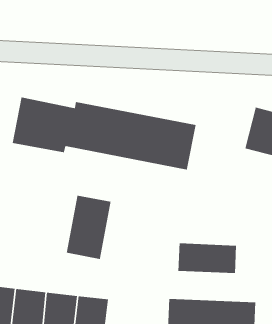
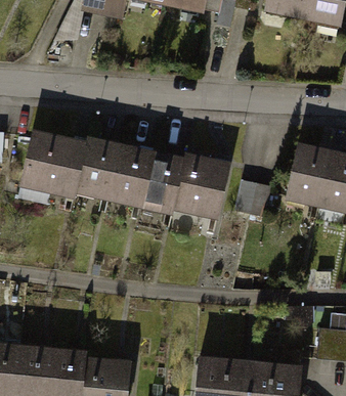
building: none -> [233,179,268,215]
building: [66,195,111,260] -> none
building: [178,243,237,274] -> none

